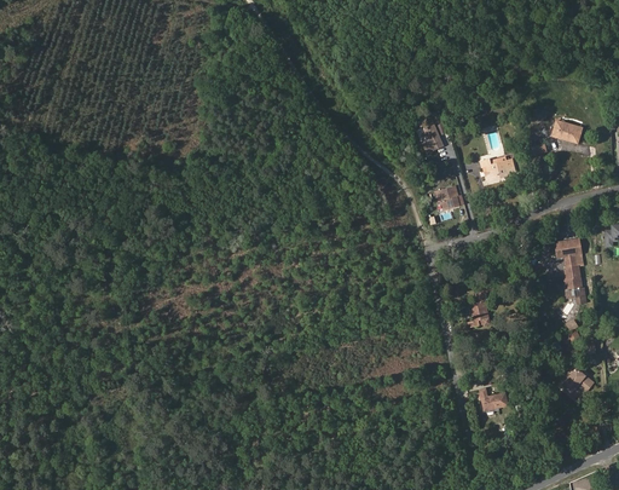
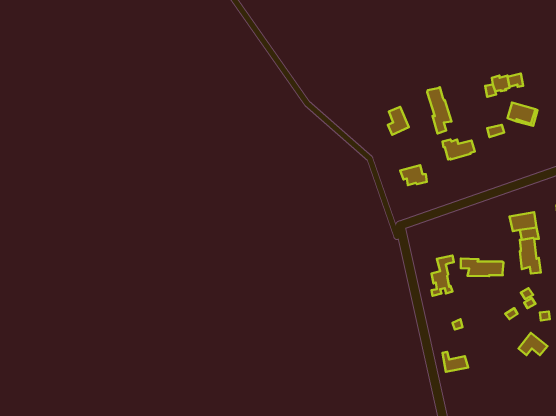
building: none -> [427,87,451,134]
building: none -> [461,259,503,276]

